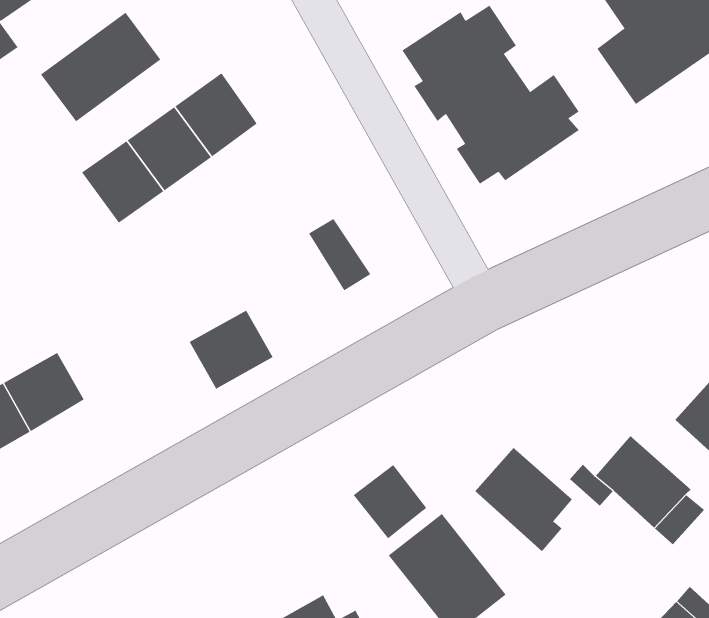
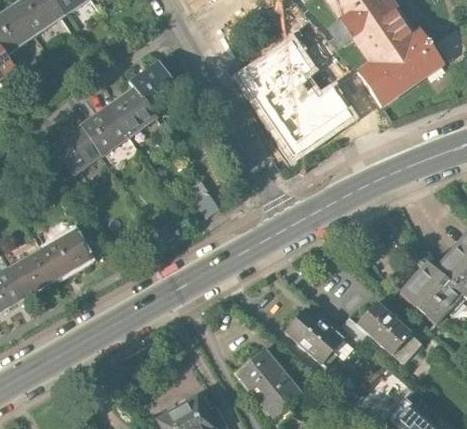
building: [40,12,161,122] -> none
building: none -> [131,58,183,112]
building: [189,310,273,389] -> [39,231,89,278]
building: [353,464,427,539] -> none

